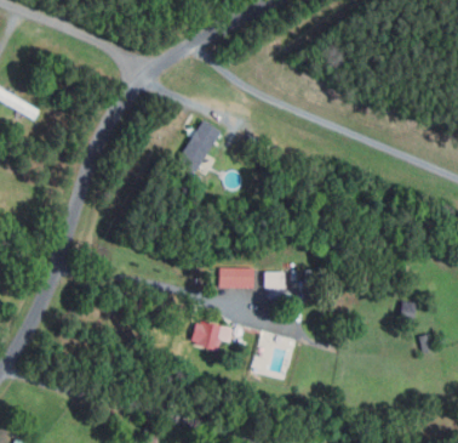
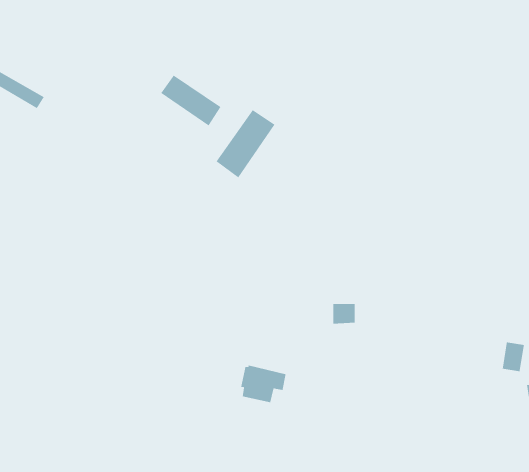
building: none -> [160,75,222,126]
building: [217,269,253,288] -> none

